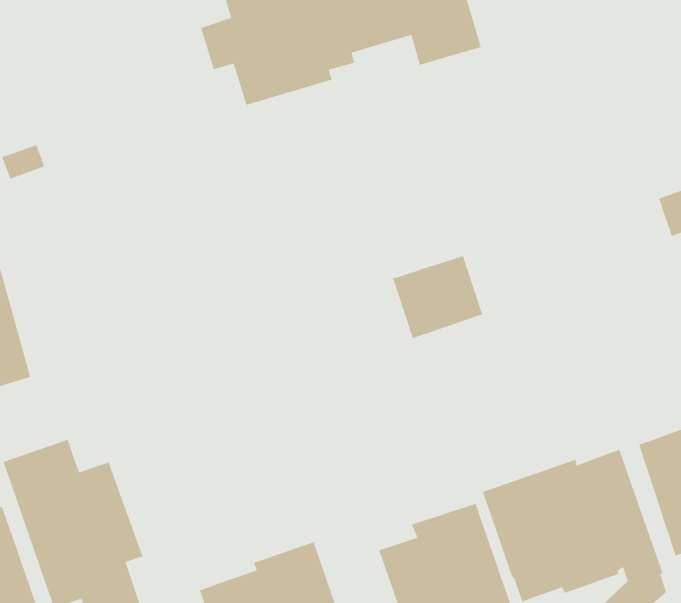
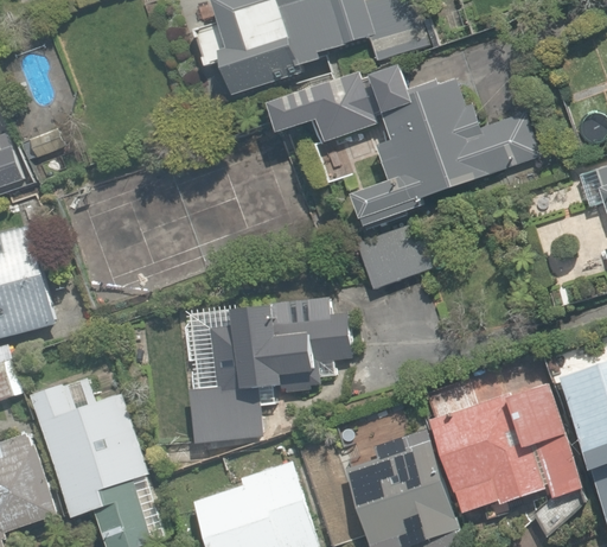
building: none -> [267,64,538,225]
building: none -> [189,297,347,443]

